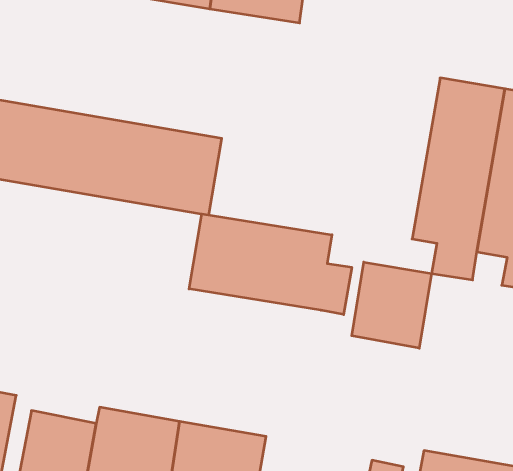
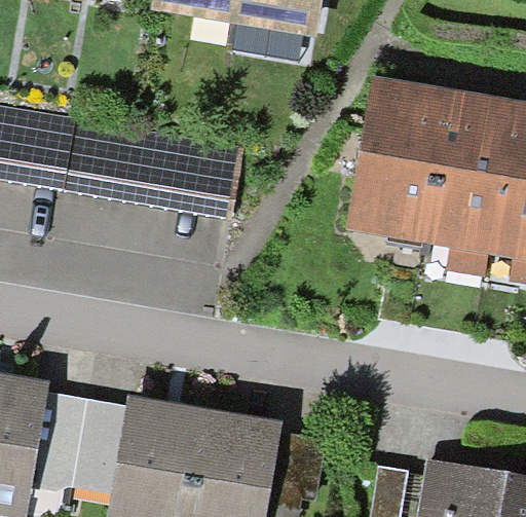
building: none -> [345,76,452,243]
building: [189,214,352,315] -> none
building: [352,262,431,348] -> none

